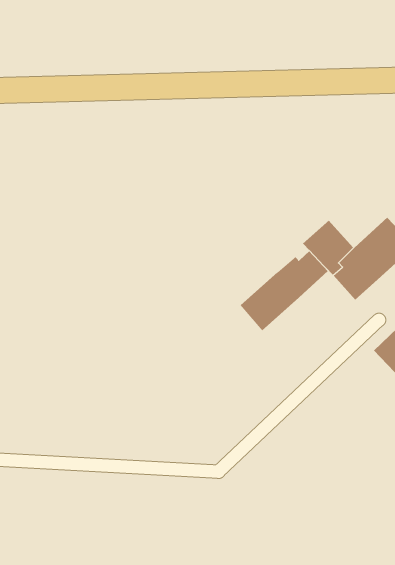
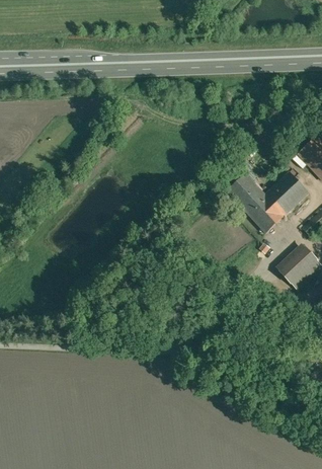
building: [240,250,329,331] -> none

